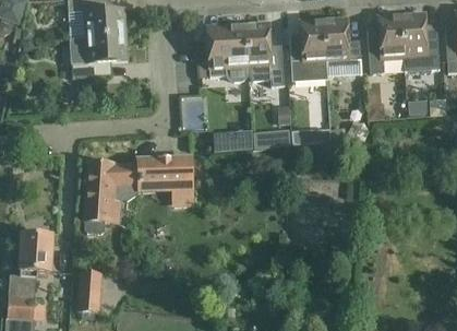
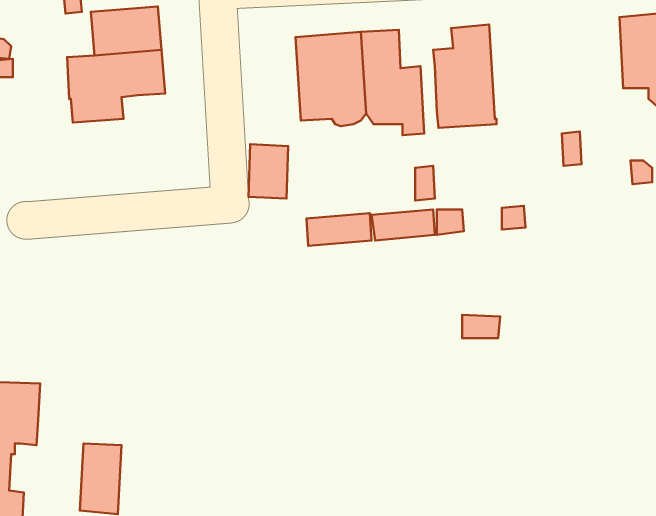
building: [366,14,404,73] -> none
building: [323,17,361,75] -> none
building: [84,156,192,234] -> none

